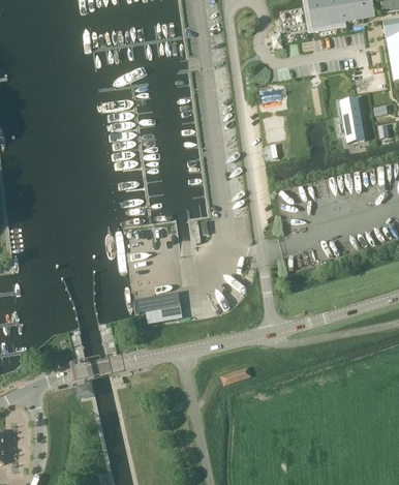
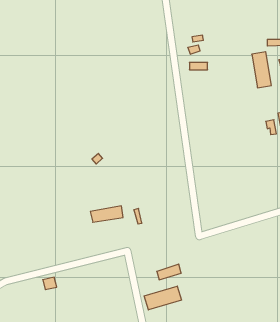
building: none -> [144,286,181,310]

